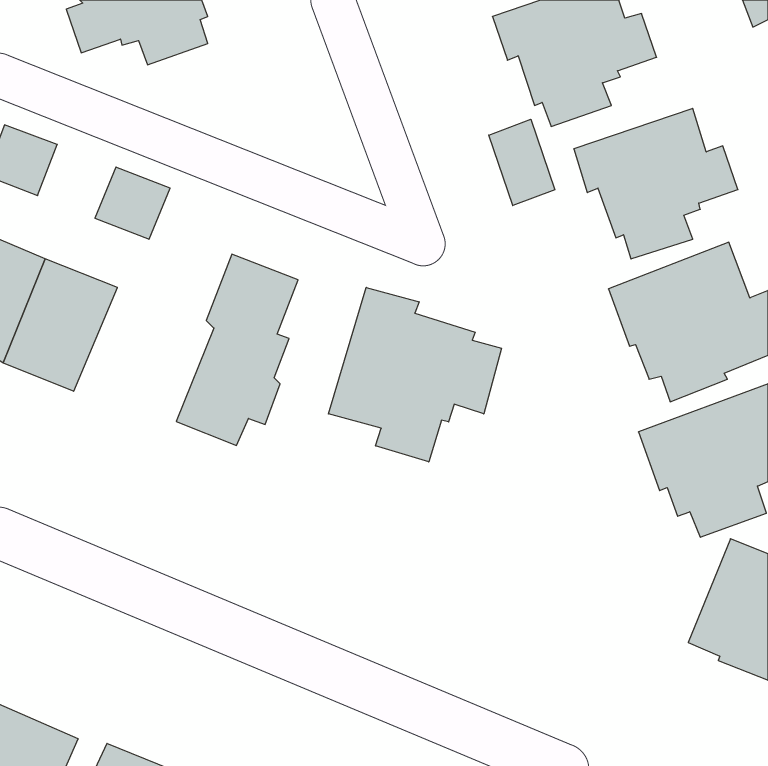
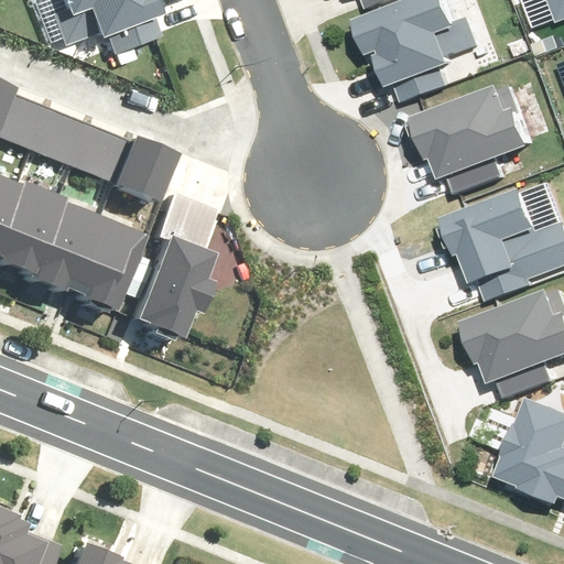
building: [489,119,555,206] -> none
building: none -> [28,108,85,162]
building: none -> [107,135,171,203]
building: none -> [54,213,138,310]
building: [328,287,501,462] -> none

